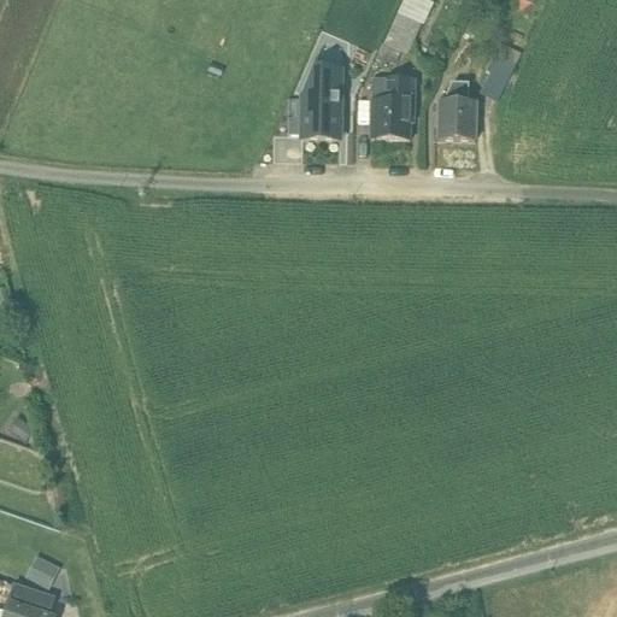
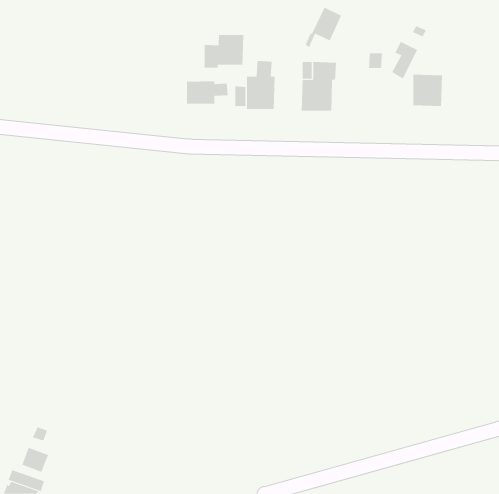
building: none -> [204,34,244,68]
building: [439,99,476,139] -> [413,74,443,107]
building: none -> [187,80,228,105]

